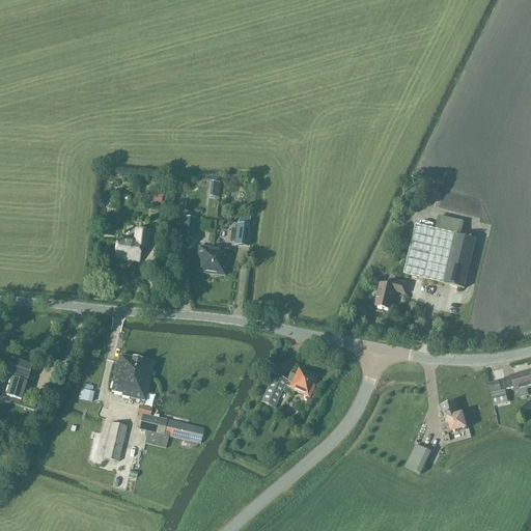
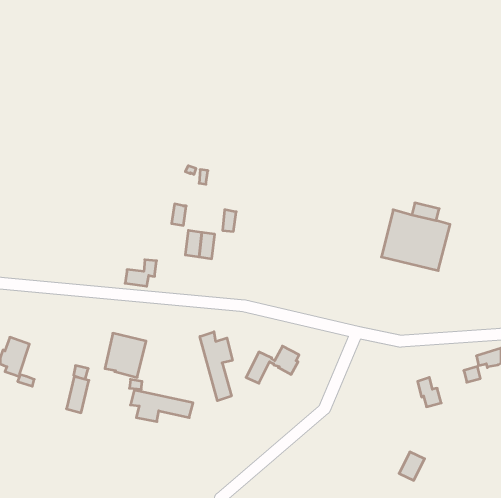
building: [116,228,149,256] -> [125,260,157,286]
building: [374,278,408,307] -> none
building: none -> [200,332,232,401]
building: [103,421,127,459] -> [66,376,89,413]
building: [403,443,430,473] -> [399,452,425,480]

